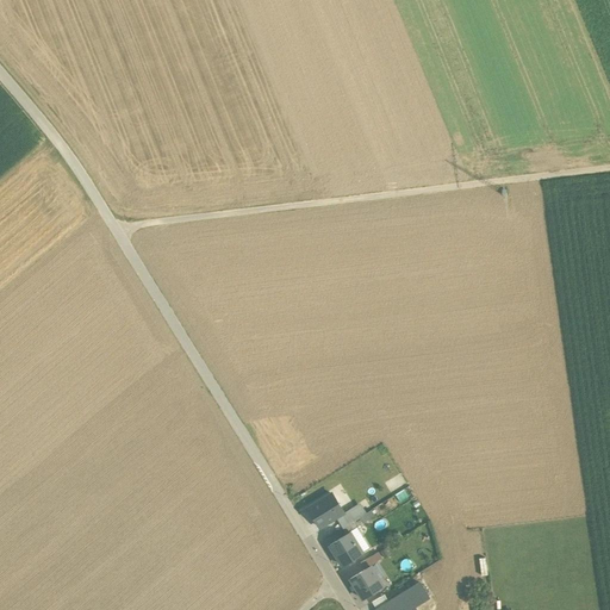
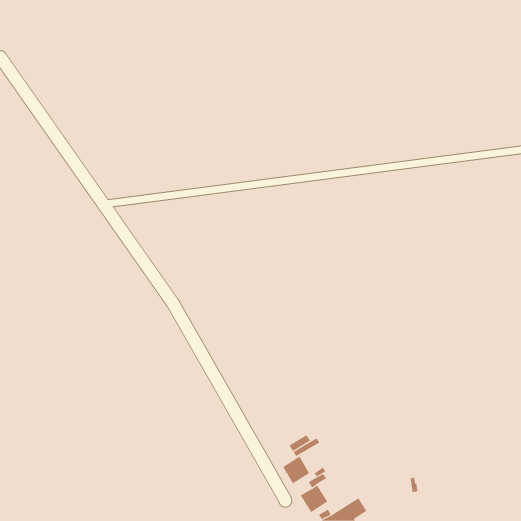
building: [309,494,343,528] -> none

